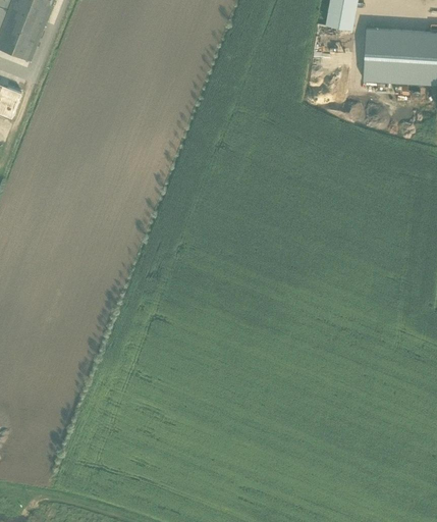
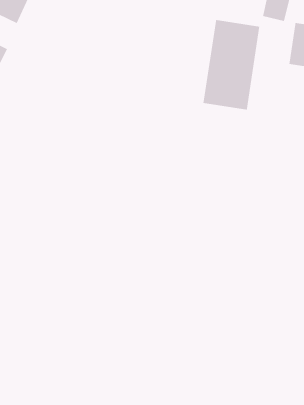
building: none -> [203,19,260,110]

